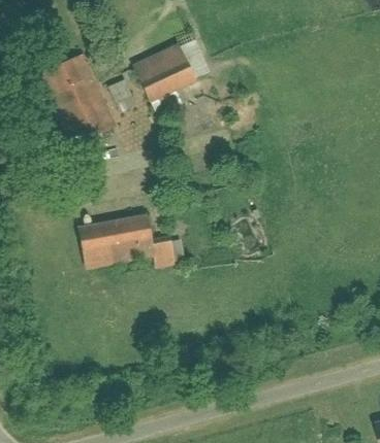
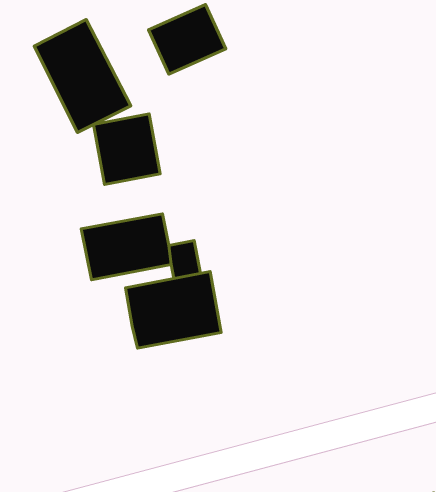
building: none -> [94,114,160,185]
building: none -> [125,272,221,348]

